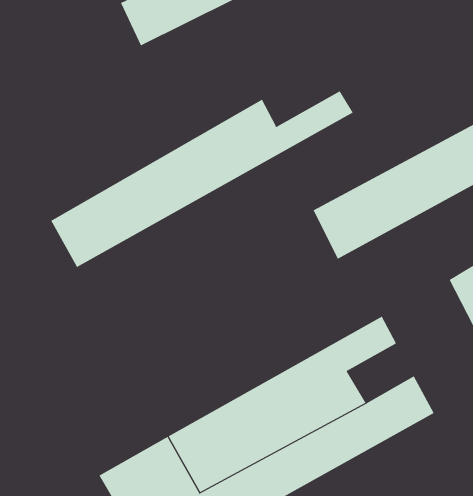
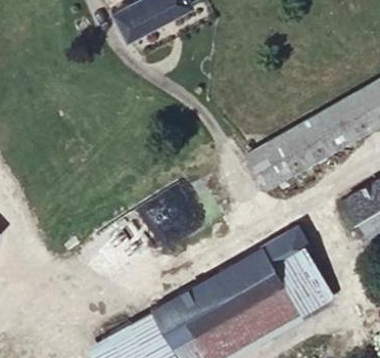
building: [51,91,353,268] -> none
building: none -> [273,249,320,290]

